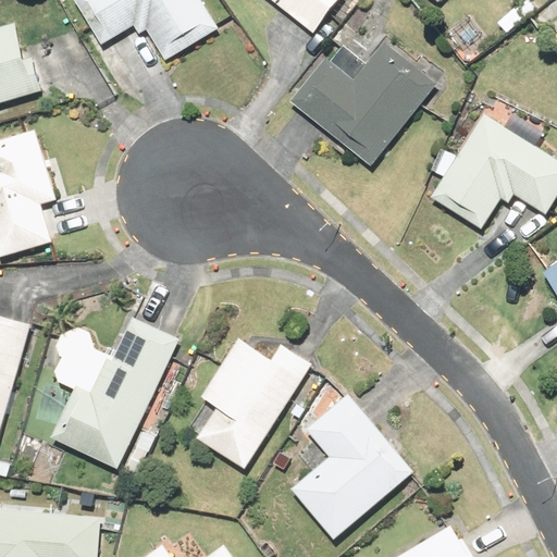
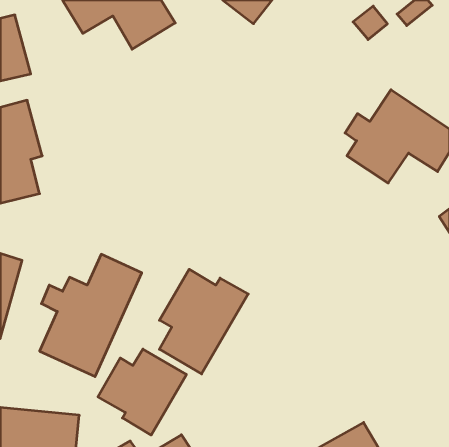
building: [285,37,438,168] -> none
building: [293,393,411,535] -> none
building: none -> [98,349,186,435]

